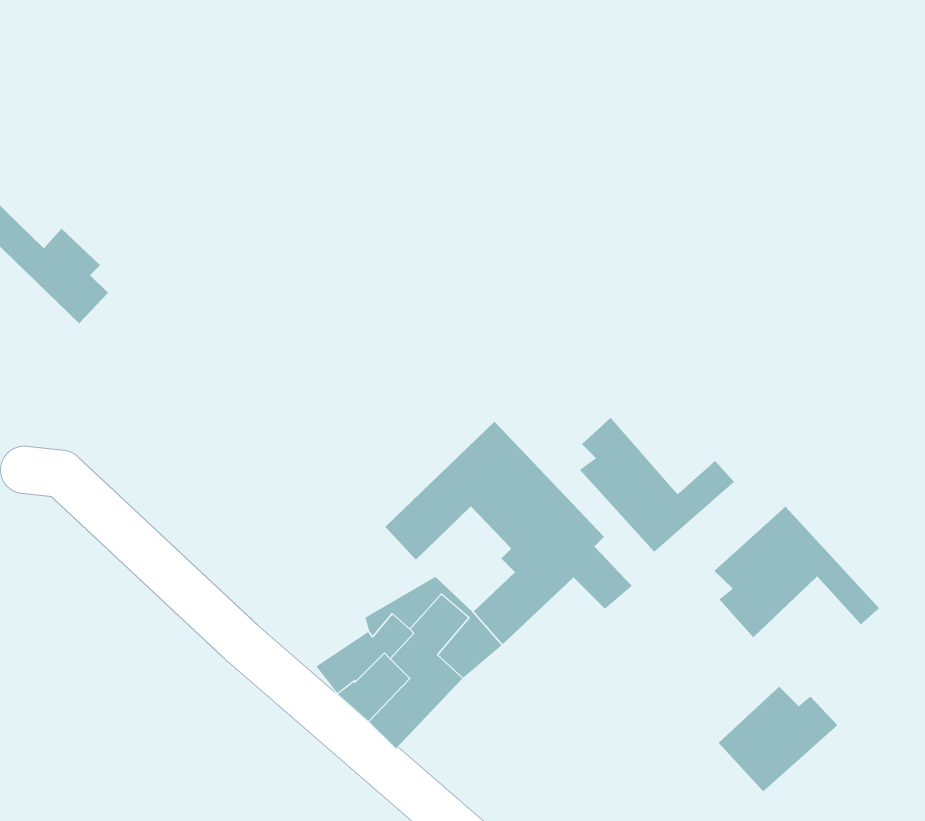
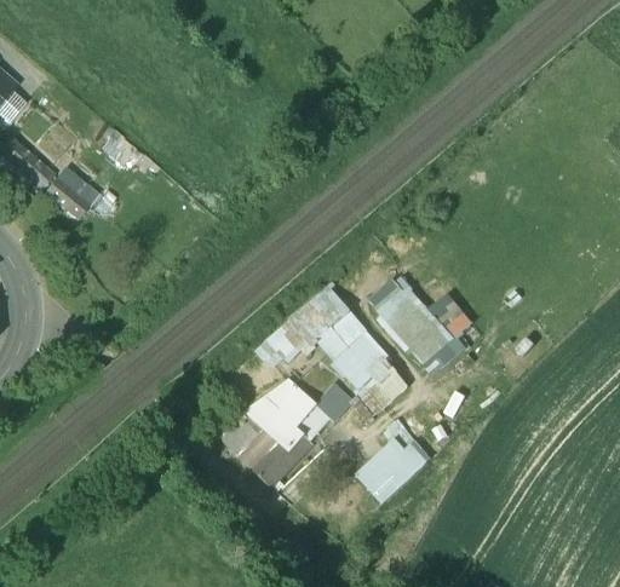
building: [714,506,880,638] -> none
building: [718,686,838,792] -> [355,436,429,501]

